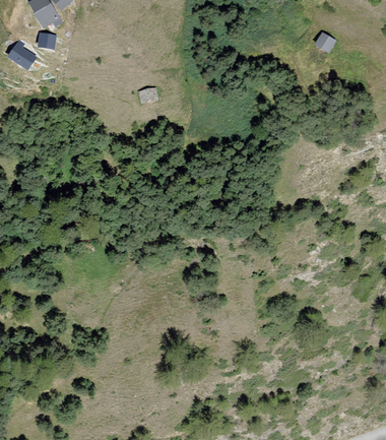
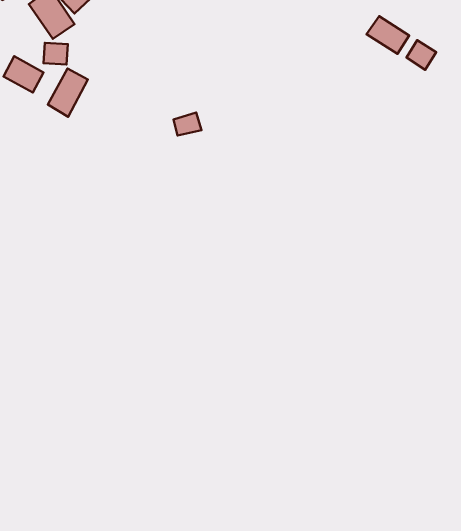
building: none -> [366,16,409,54]
building: none -> [48,69,88,117]

